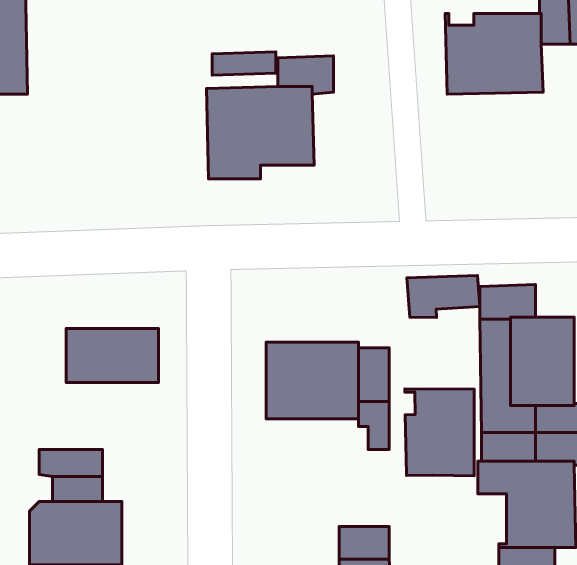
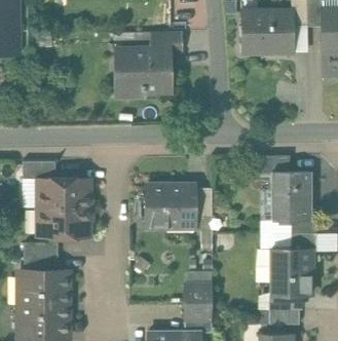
building: [407,275,480,317] -> none
building: none -> [23,161,55,180]
building: none -> [39,207,88,236]
building: [405,389,474,476] -> none

